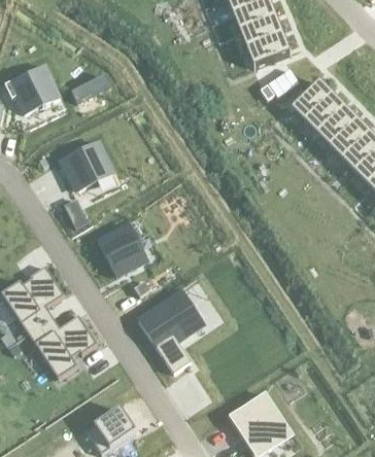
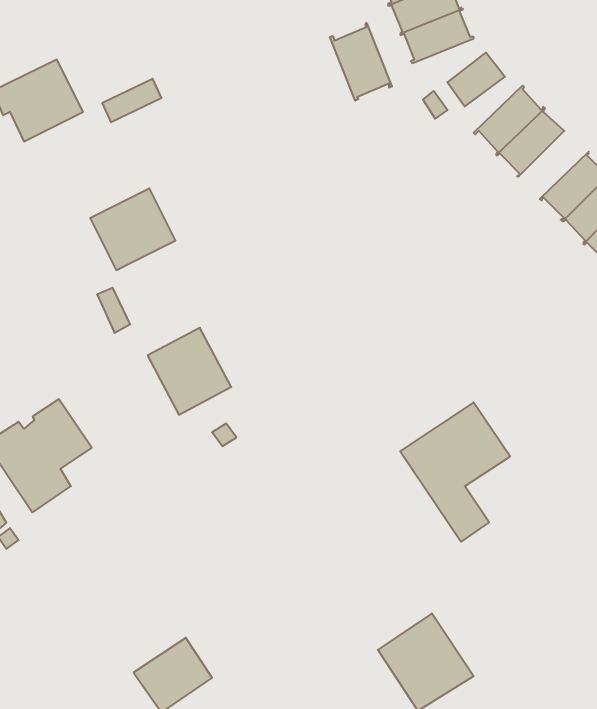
building: none -> [330,23,392,101]
building: [316,106,357,147] -> none
building: [137,290,202,373] -> [400,402,510,542]
building: [29,315,96,377] -> none

